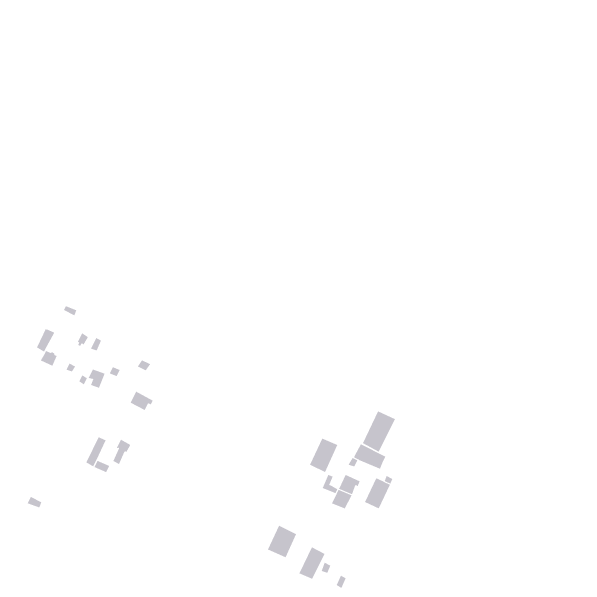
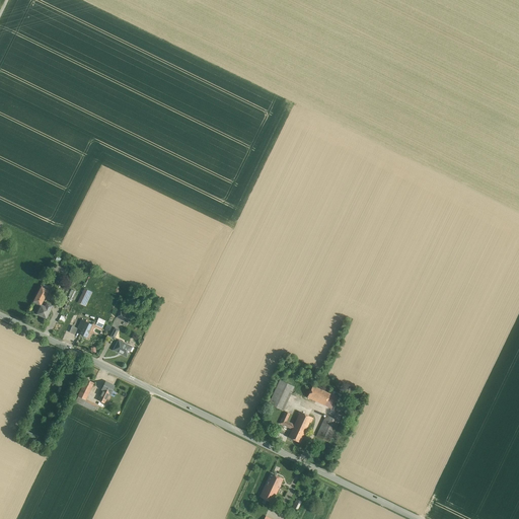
building: [362,411,396,452] -> none
building: [267,525,297,558] -> none

